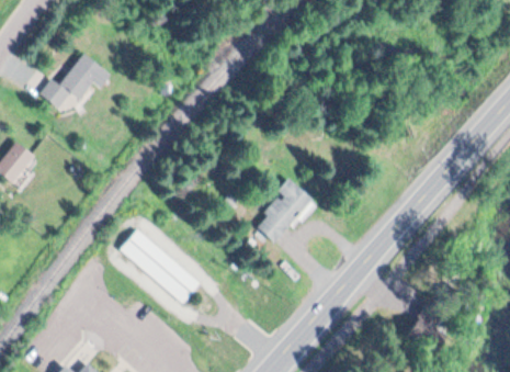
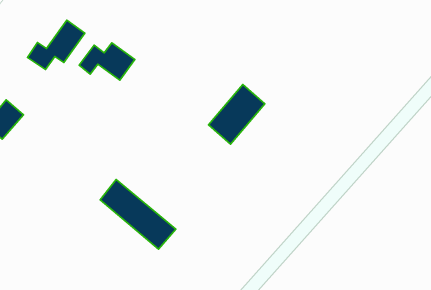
building: none -> [79,43,135,80]
building: [253,180,315,245] -> [208,85,265,144]

